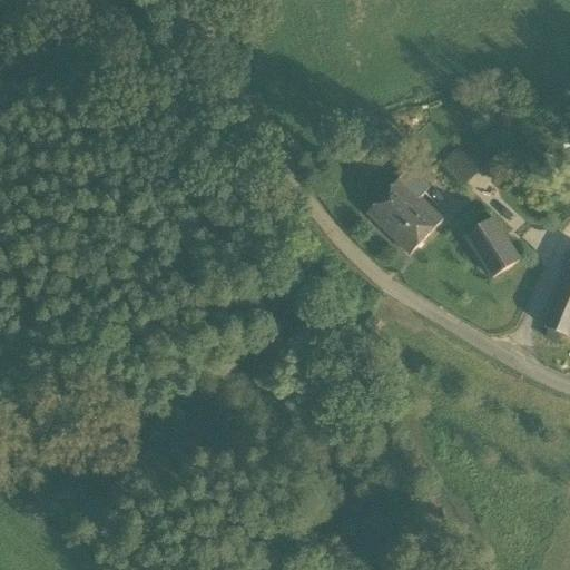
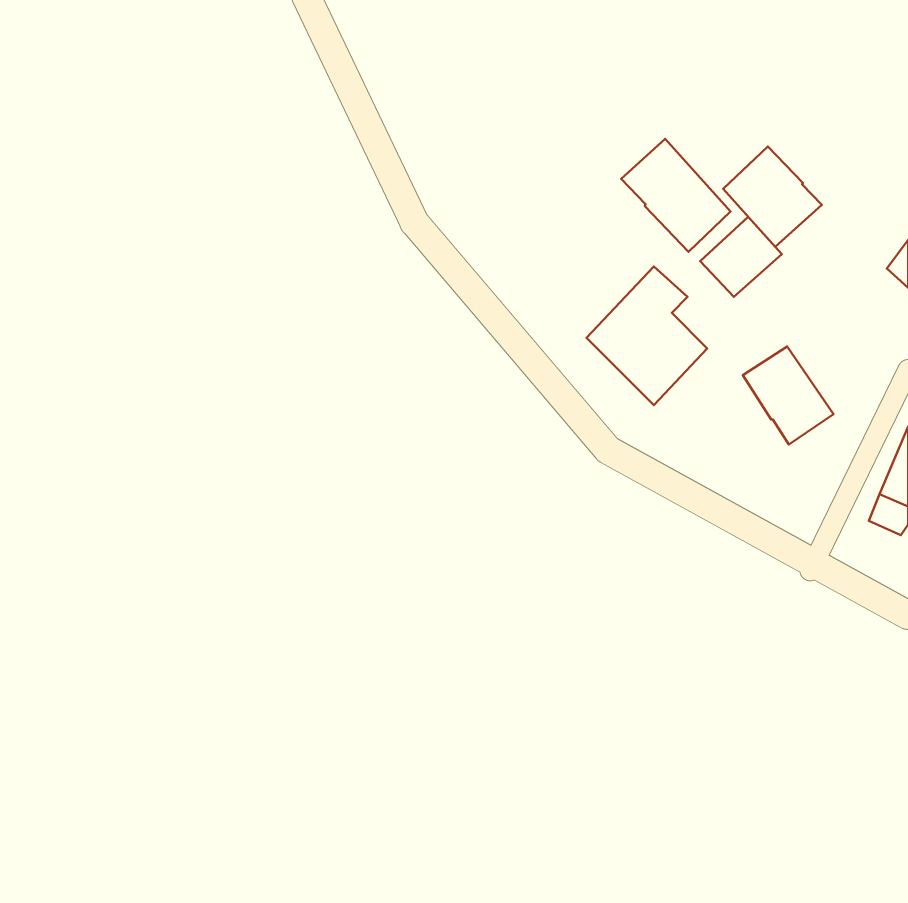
building: none -> [621,139,730,252]
building: none -> [723,147,822,247]

